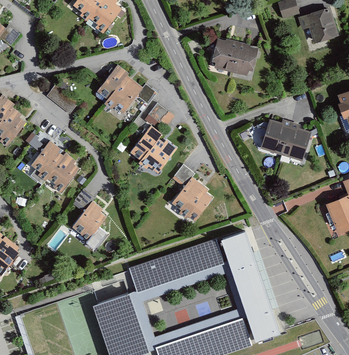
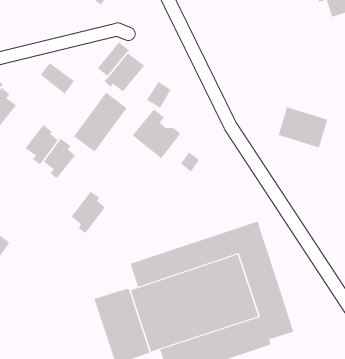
building: [213,39,254,73] -> none
building: none -> [73,92,127,153]
building: [175,181,211,220] -> none

